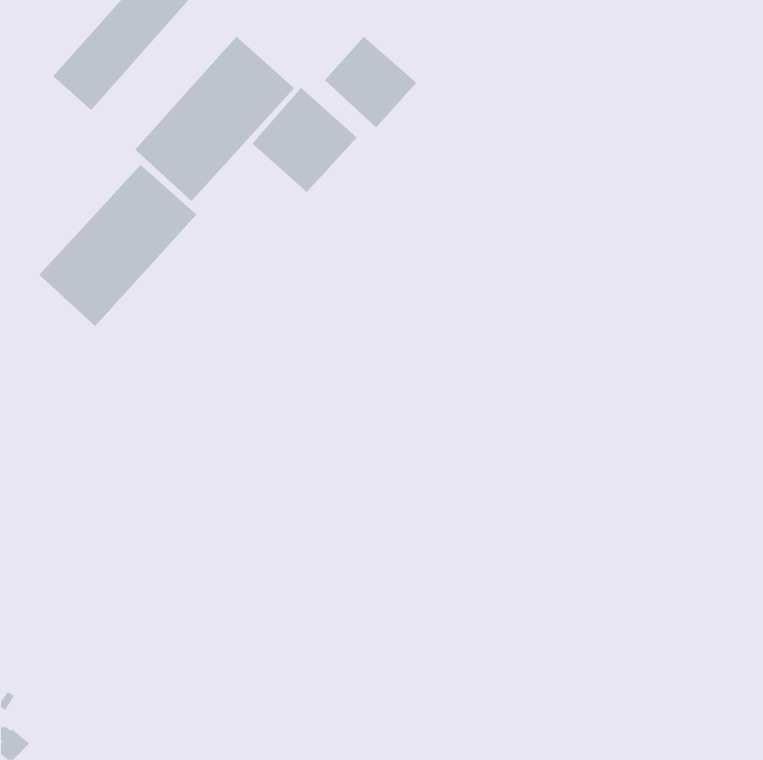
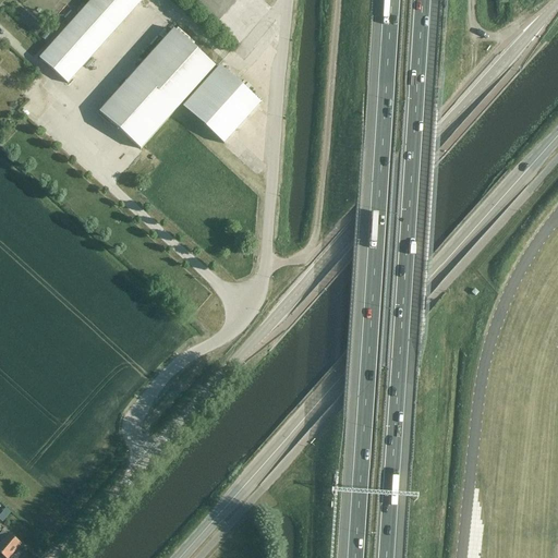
building: [324,36,417,128] -> none
building: [39,164,197,327] -> none

